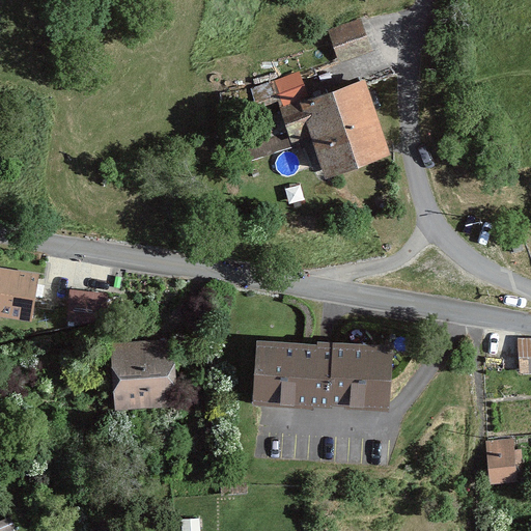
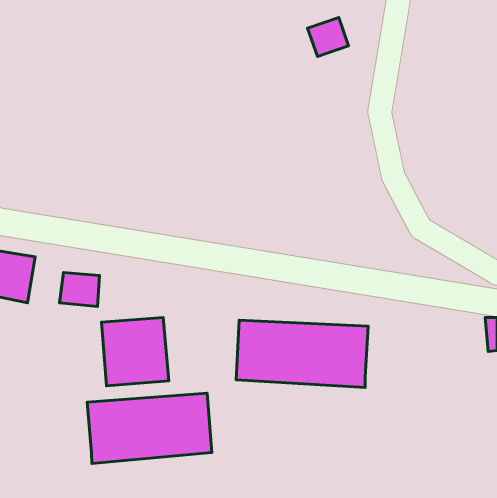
building: [270,69,392,172] -> none
building: none -> [87,393,212,464]
building: [483,440,519,482] -> none

